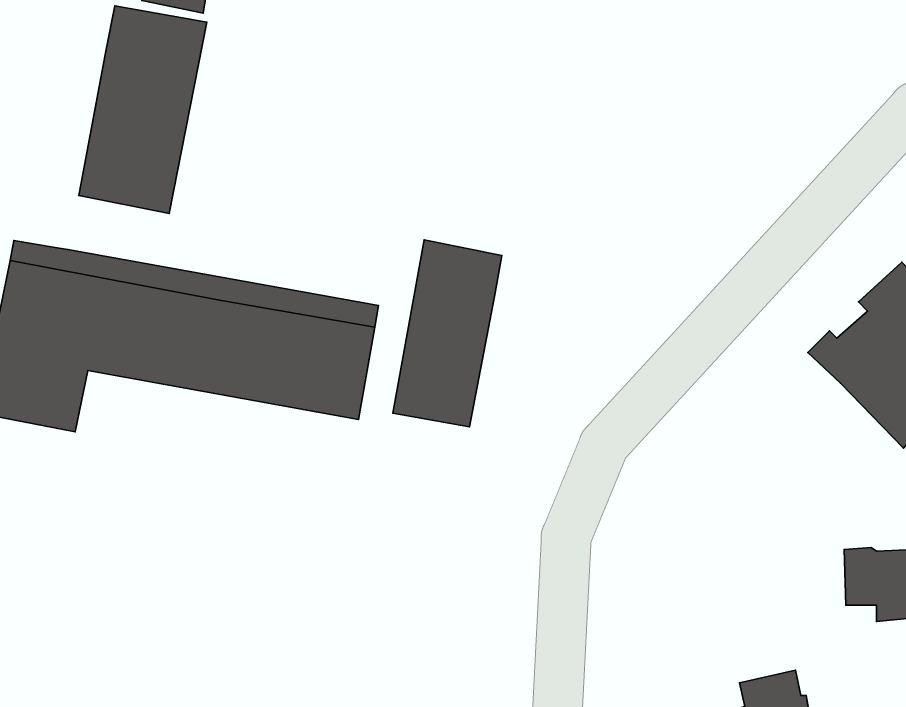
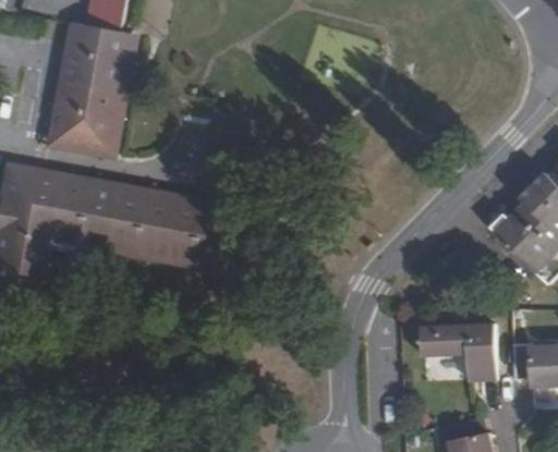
building: none -> [46,28,137,157]
building: [393,240,502,427] -> none
building: none -> [420,327,495,381]

